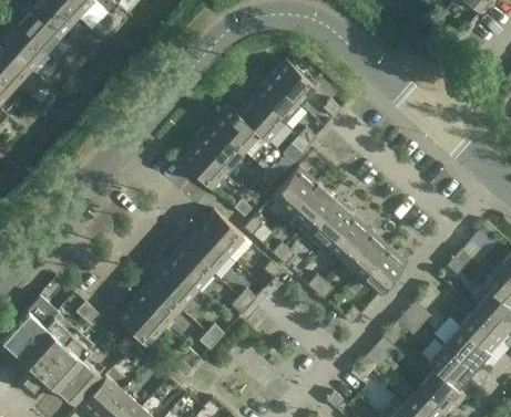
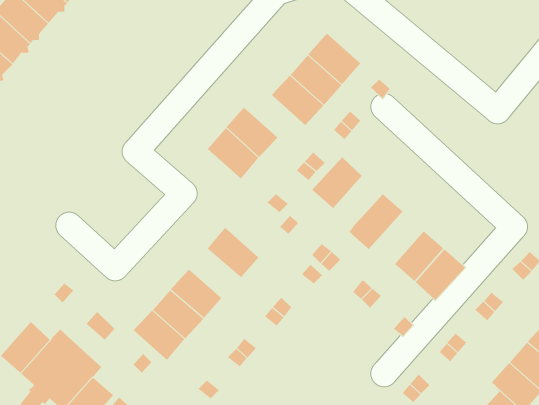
building: [213,107,266,152] -> none
building: [290,185,334,229] -> none
building: [196,211,243,256] -> none
building: [326,216,369,261] -> none
building: [165,248,211,291] -> none

